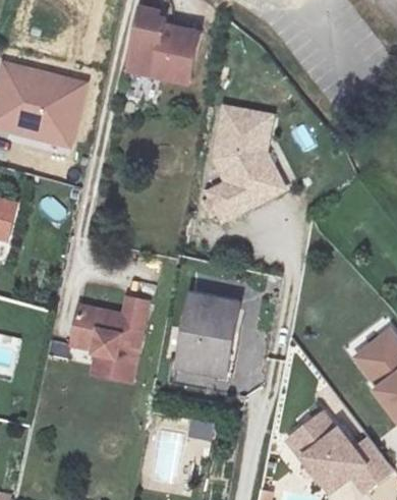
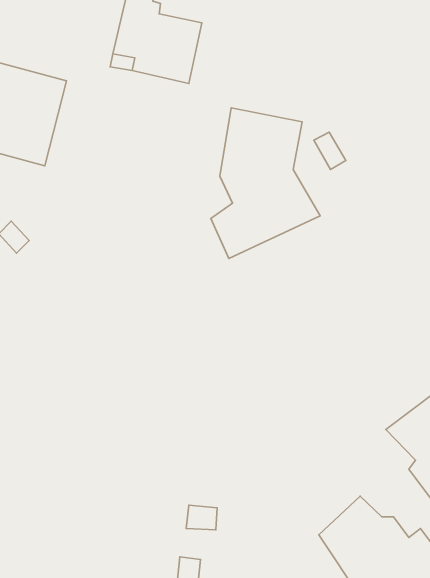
building: [172,293,236,378] -> none
building: [63,297,143,383] -> none

